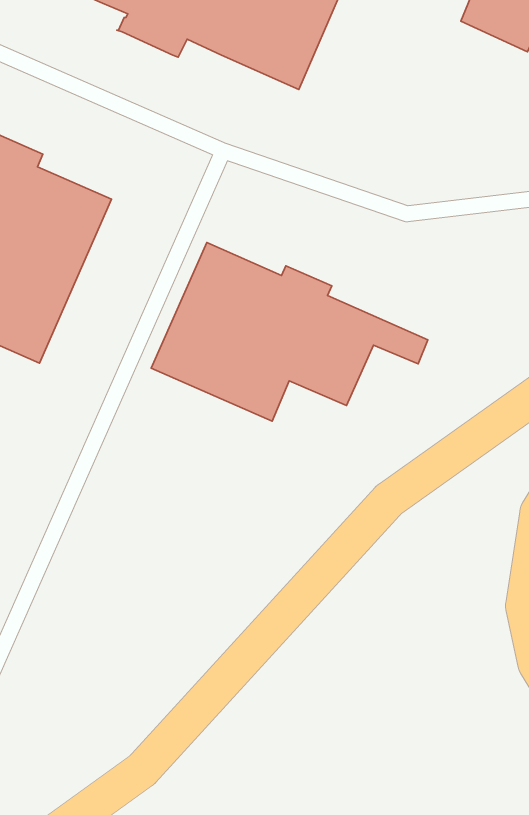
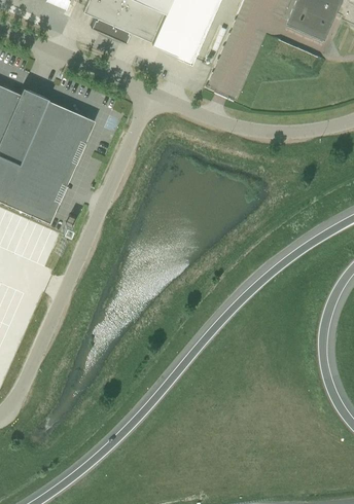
building: [151,243,428,421] -> none

